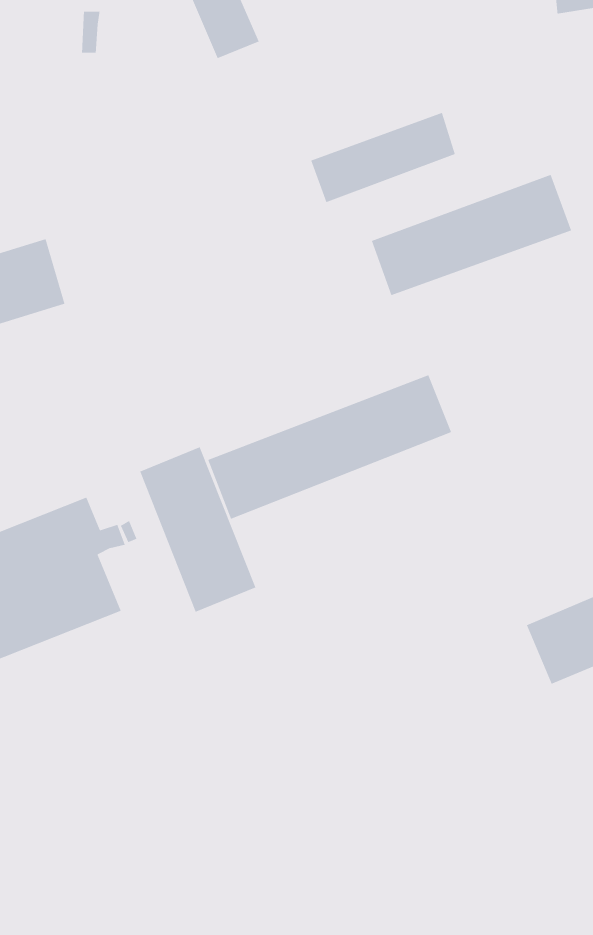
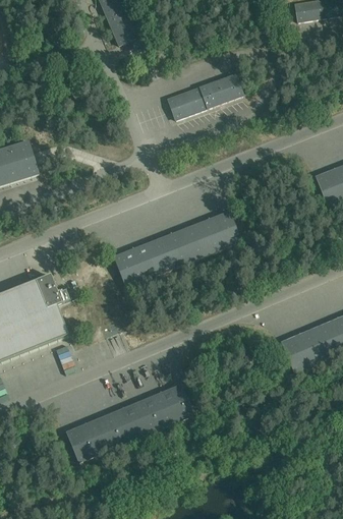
building: [371,174,572,296] -> none
building: [139,446,256,613] -> none
building: none -> [65,383,193,462]

